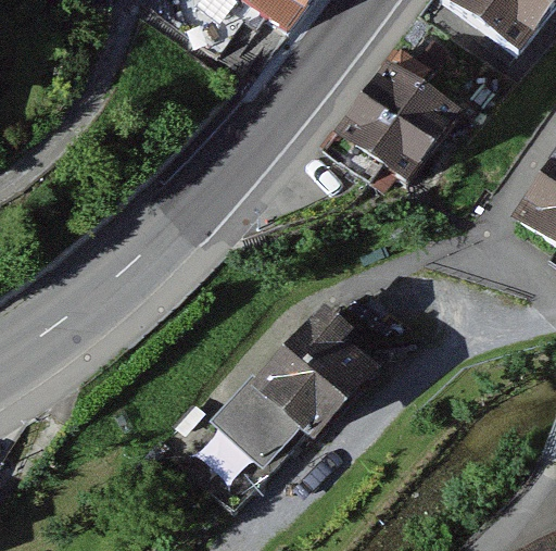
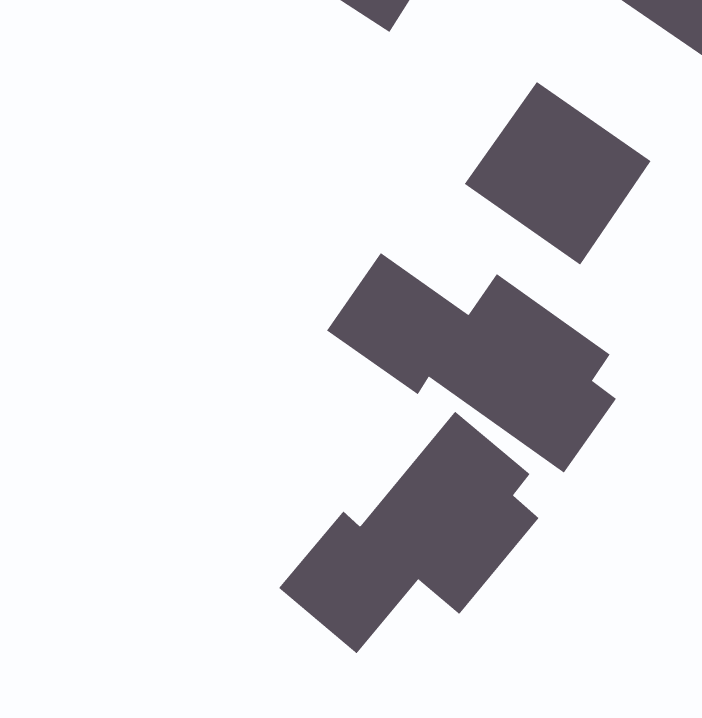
building: none -> [326,252,617,474]

